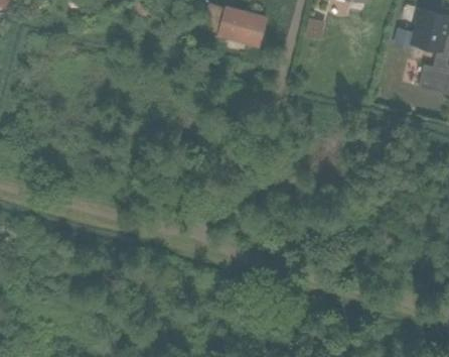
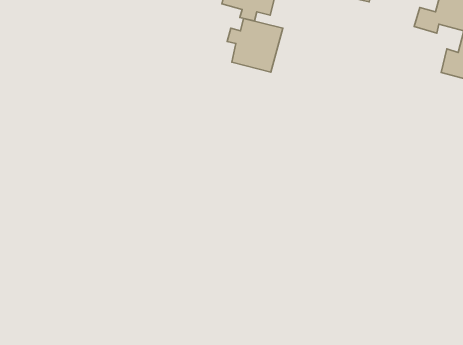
building: none -> [227,18,283,72]

